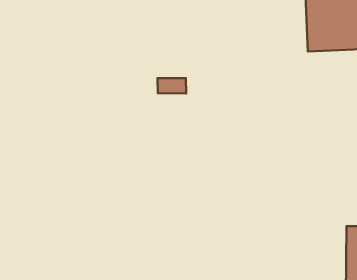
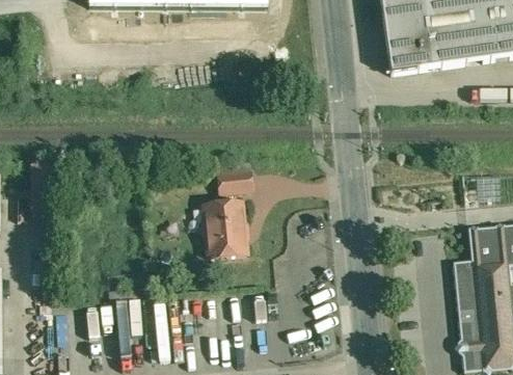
building: [158,78,186,93] -> [218,171,251,191]
building: none -> [202,202,245,256]

